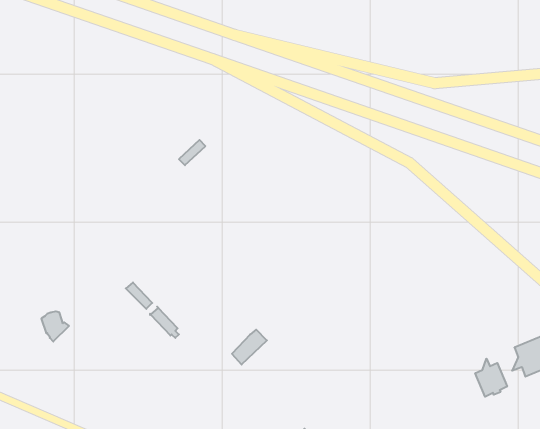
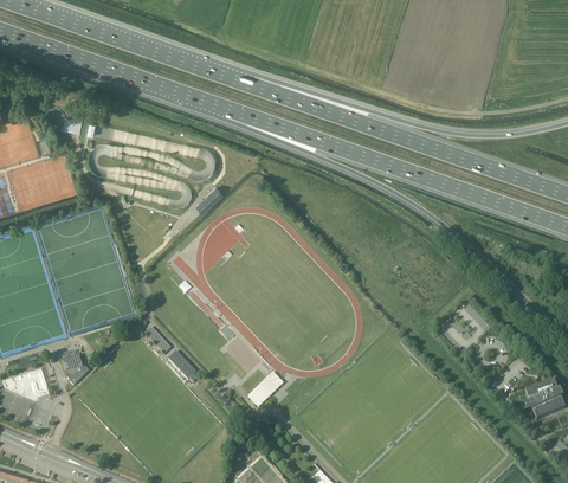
building: [475,359,507,397] -> none

